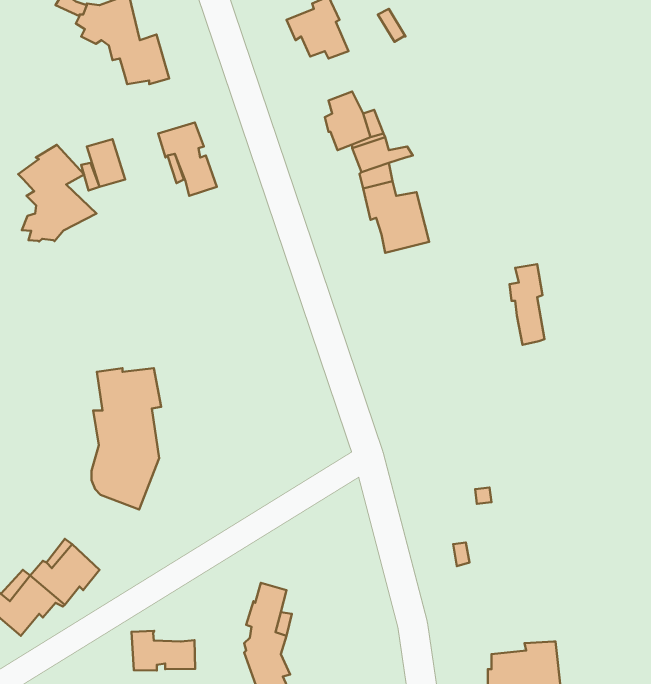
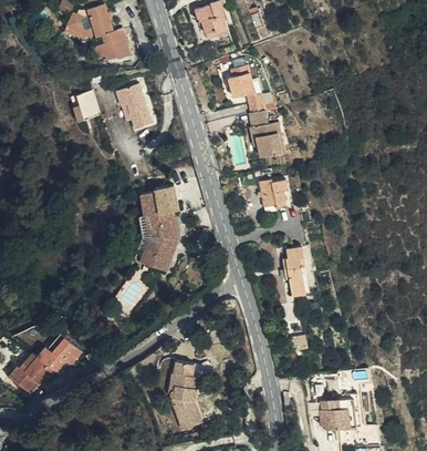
building: [18,145,96,242] -> none
building: [510,264,544,345] -> [284,247,305,296]
building: none -> [260,182,285,209]
building: [91,368,161,509] -> [139,188,181,274]
building: [132,631,195,671] -> none

